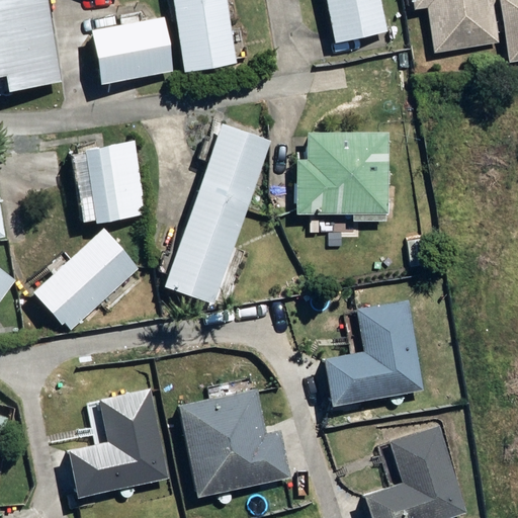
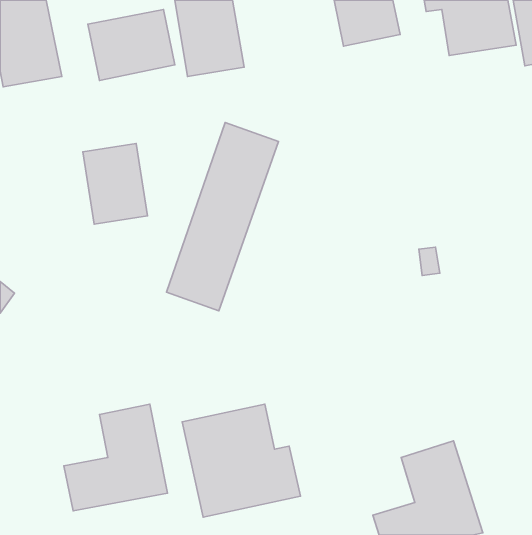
building: [295,128,391,219] -> none
building: [33,230,140,334] -> none
building: [321,303,420,404] -> none

